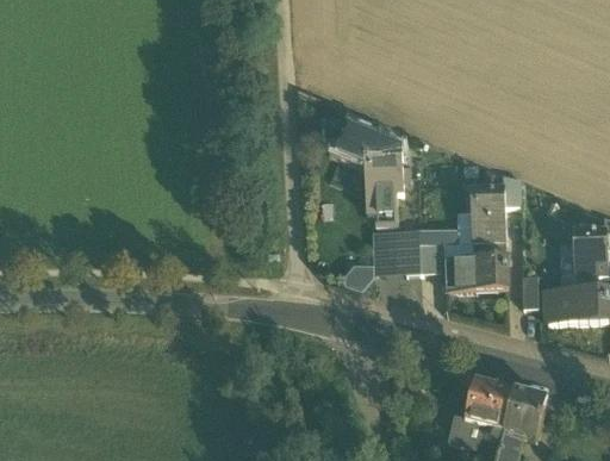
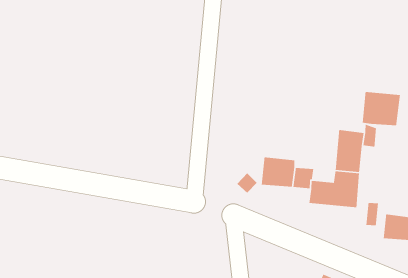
building: [343,125,402,222] -> none
building: none -> [362,91,401,126]

